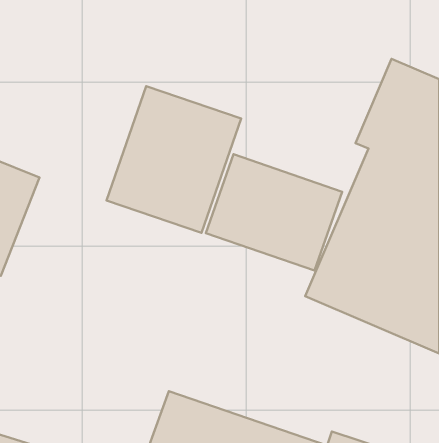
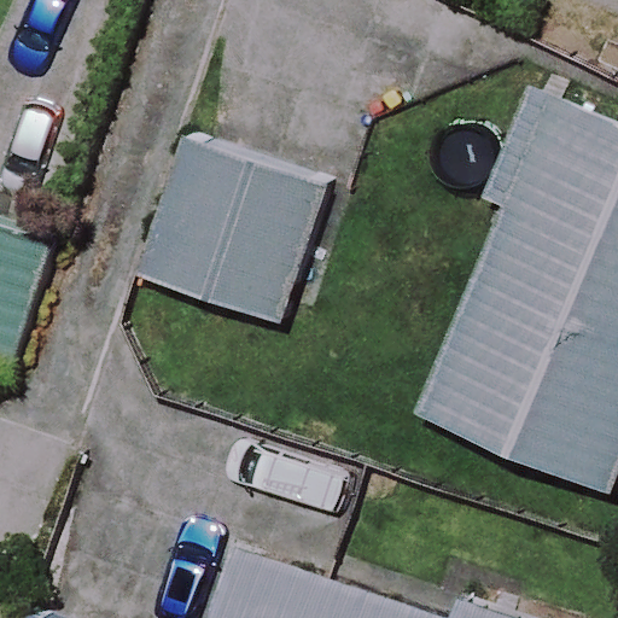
building: [206,154,342,271] -> none

